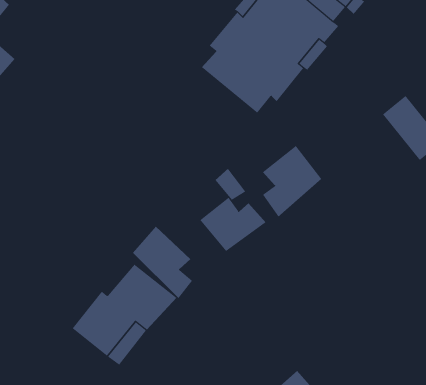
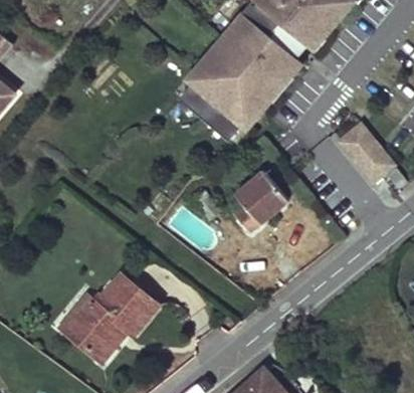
building: [199,197,267,252] -> none
building: [132,226,193,299] -> none

